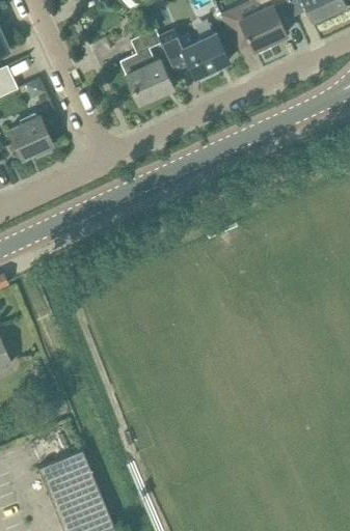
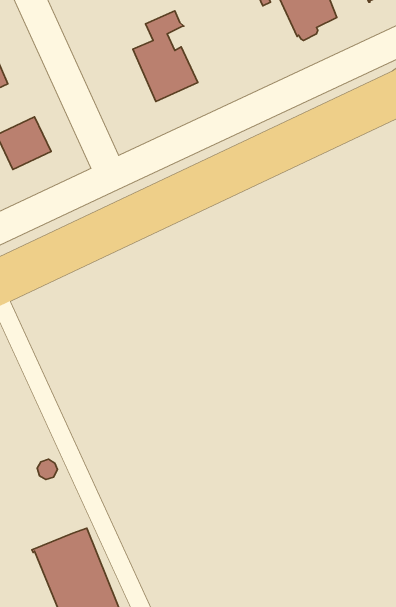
building: [158,32,228,78] -> none

